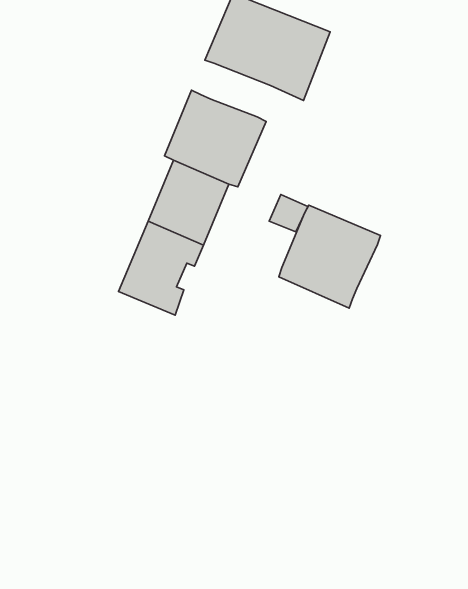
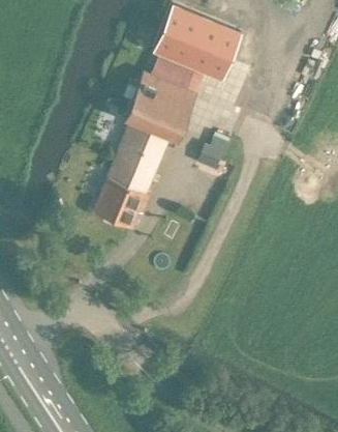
building: none -> [151,54,199,91]
building: [279,205,381,308] -> none

